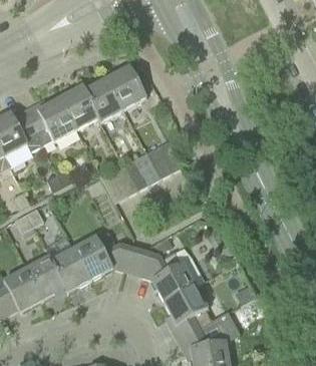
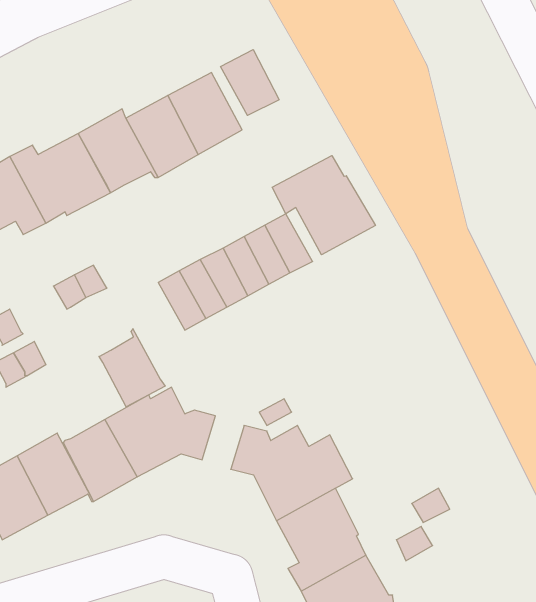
building: none -> [221,50,279,115]
building: none -> [272,156,375,255]
building: none -> [99,329,165,407]

